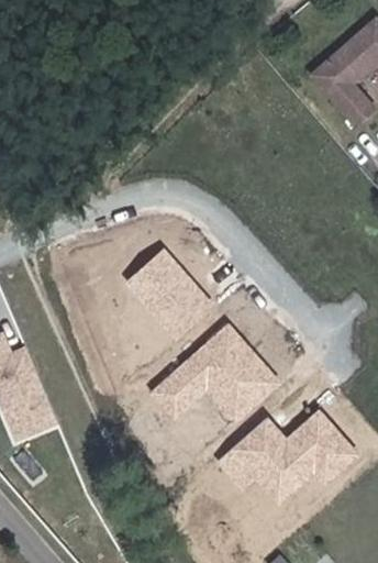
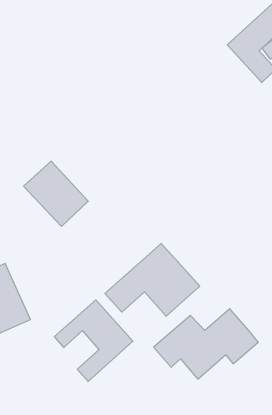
building: [126,251,211,336] -> [24,161,88,226]
building: none -> [54,300,133,382]

